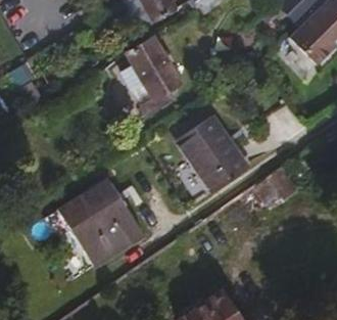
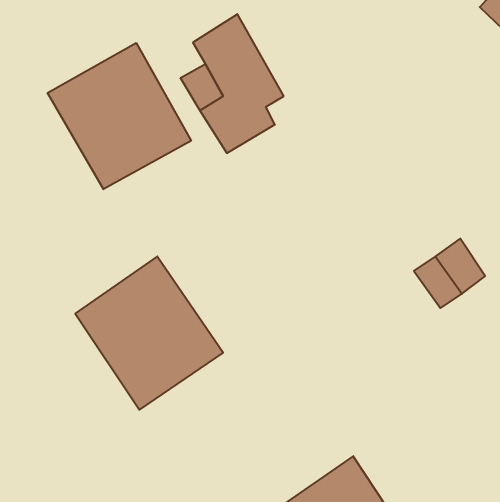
building: none -> [48,43,191,189]
building: [180,113,249,189] -> none

